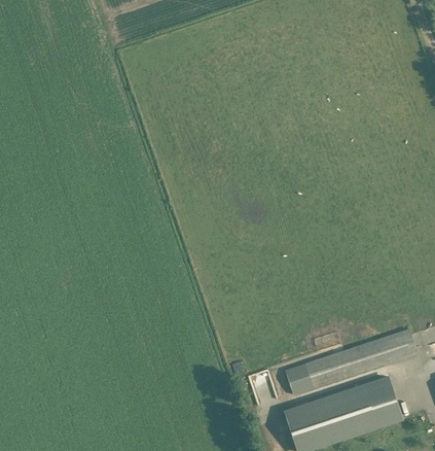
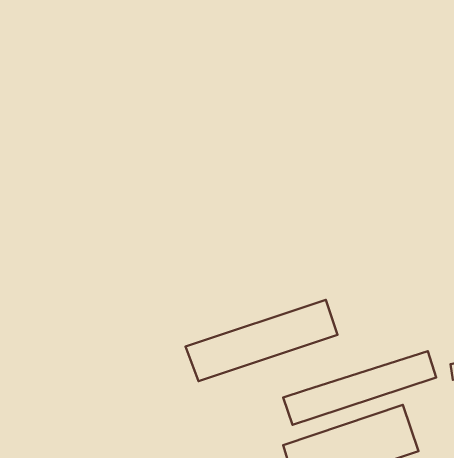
building: none -> [186,300,337,381]

